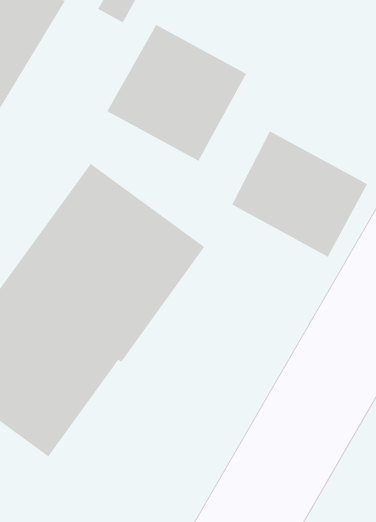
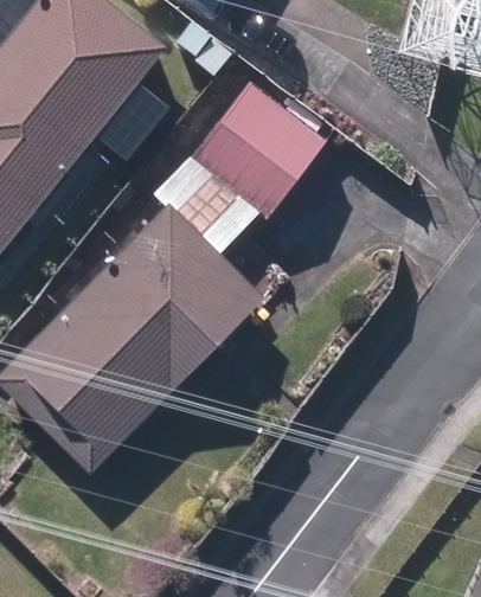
building: [231,130,368,258] -> none

